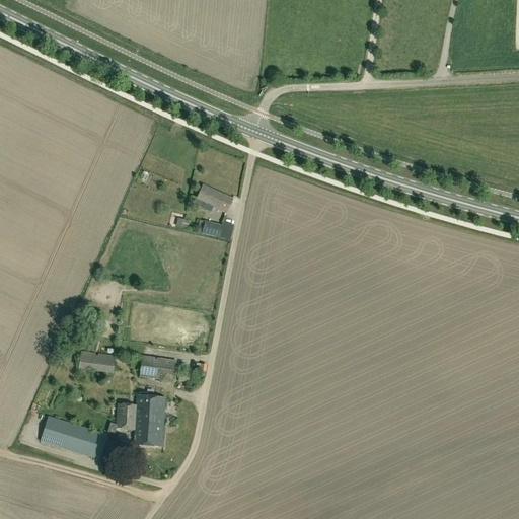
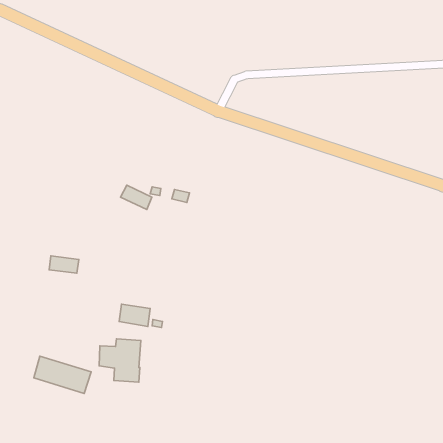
building: [195,184,231,213] -> [121,185,152,209]
building: [79,351,114,371] -> [49,256,79,273]

